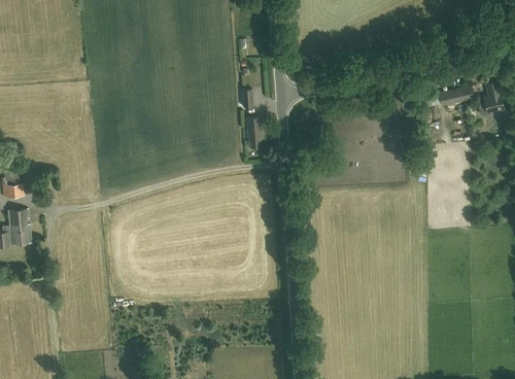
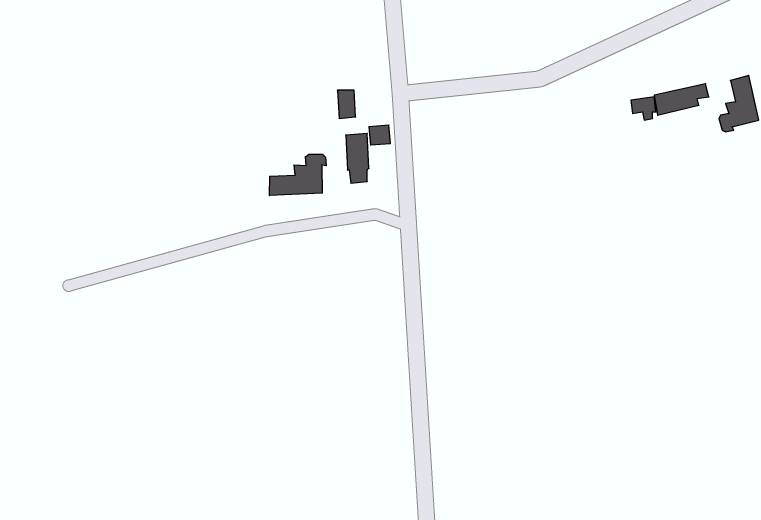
building: none -> [270,154,326,196]

